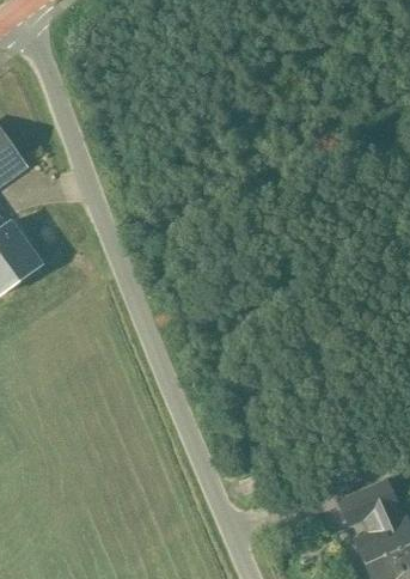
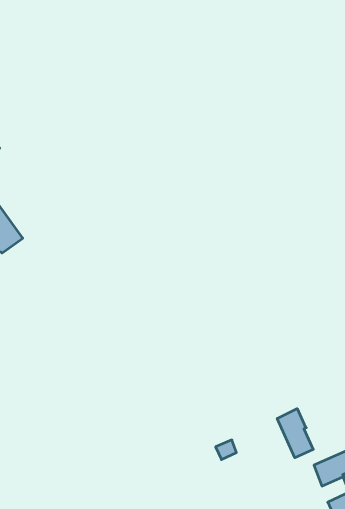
building: none -> [277,409,313,458]

